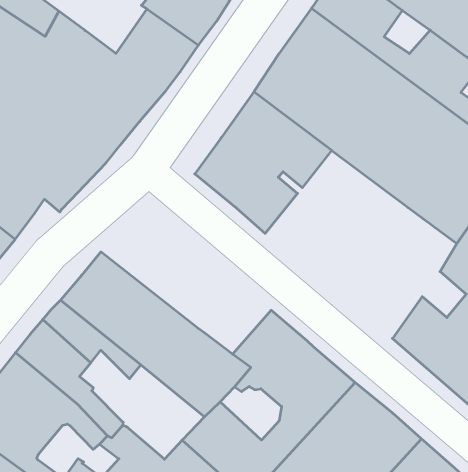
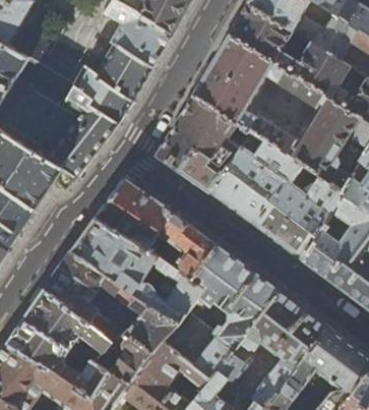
building: none -> [208,132,342,259]
building: none -> [96,179,217,279]
building: none -> [122,291,176,355]

